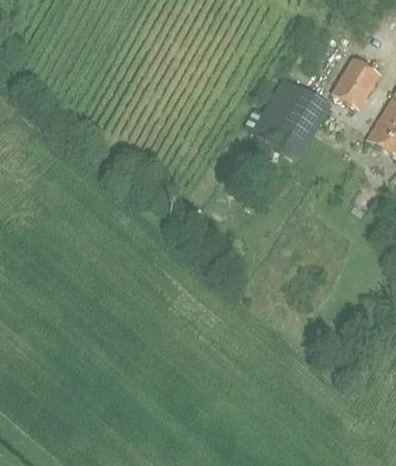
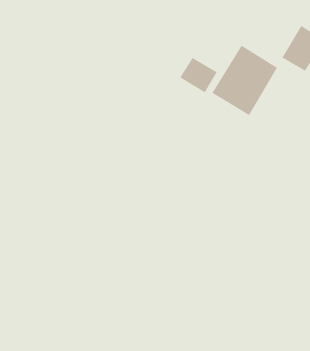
building: none -> [180,57,218,93]

